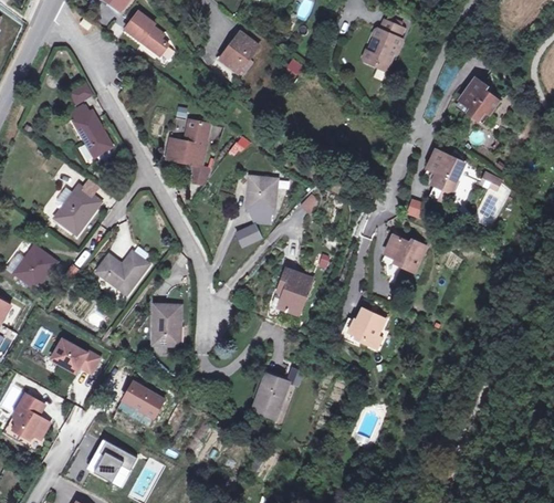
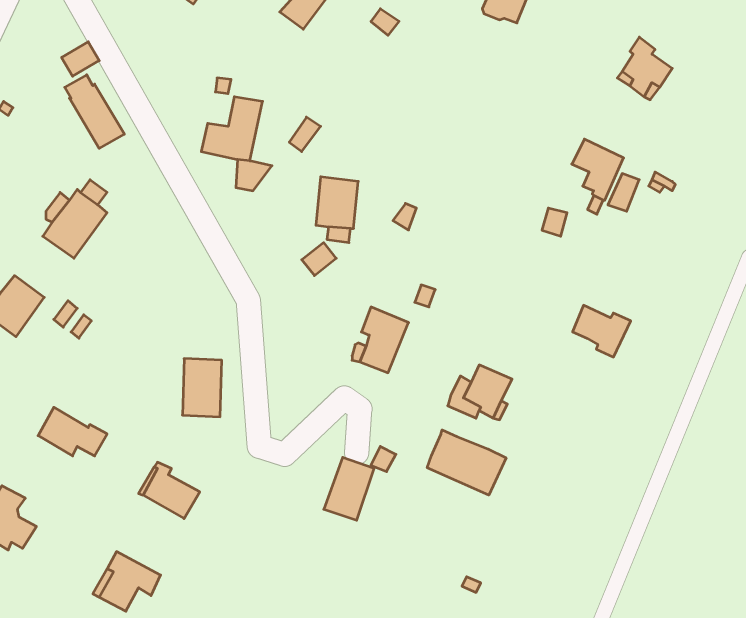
building: [385,234,426,271] -> [573,305,631,357]
building: [96,251,148,293] -> none
building: none -> [427,430,506,495]

